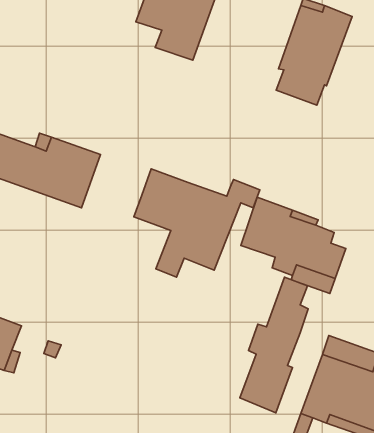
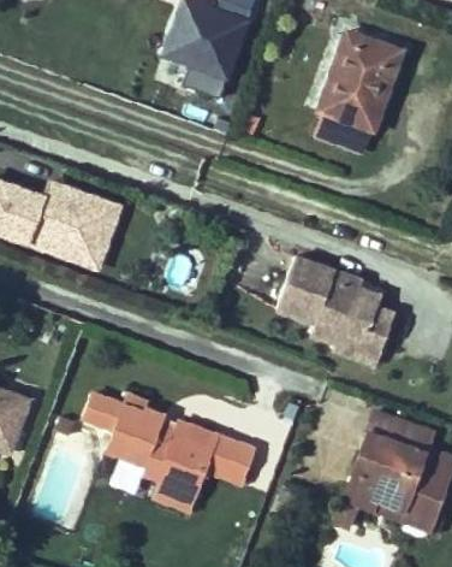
building: [134,169,260,277] -> none
building: [240,277,308,413] -> none
building: none -> [84,389,254,512]

